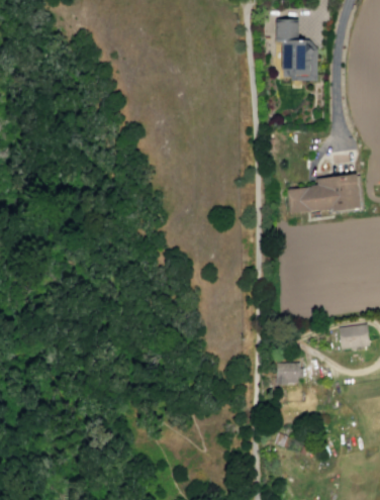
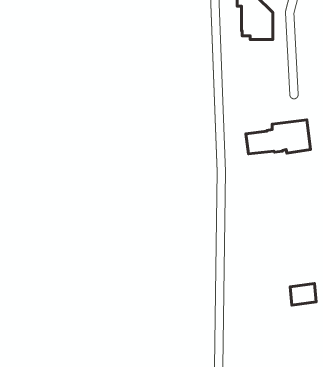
building: [340,324,370,349] -> [290,283,316,305]
building: [277,364,300,383] -> none

